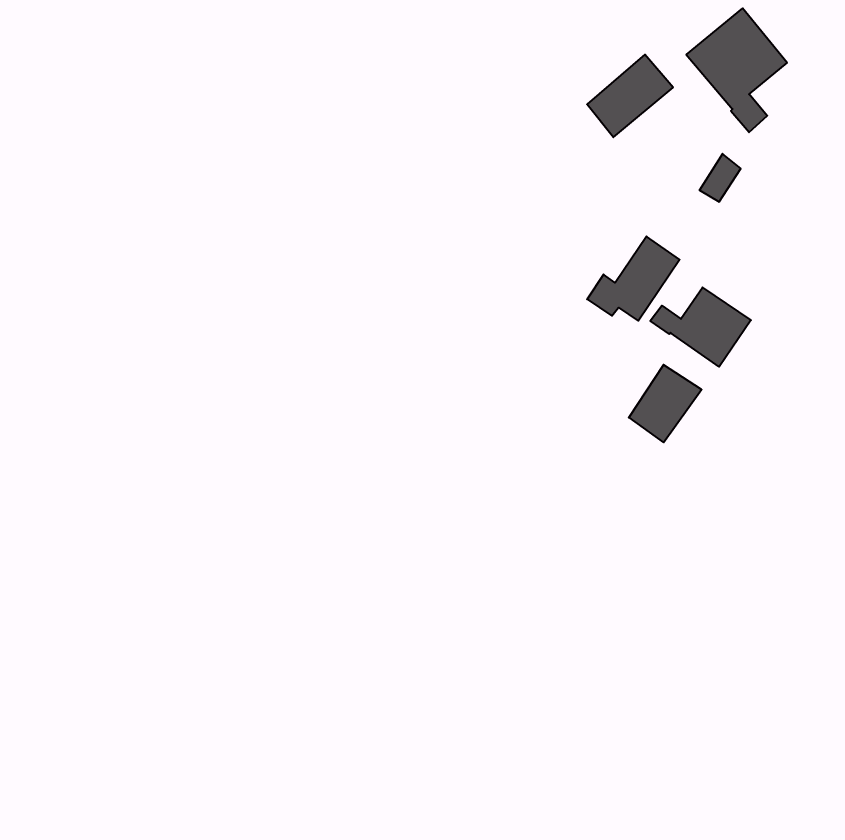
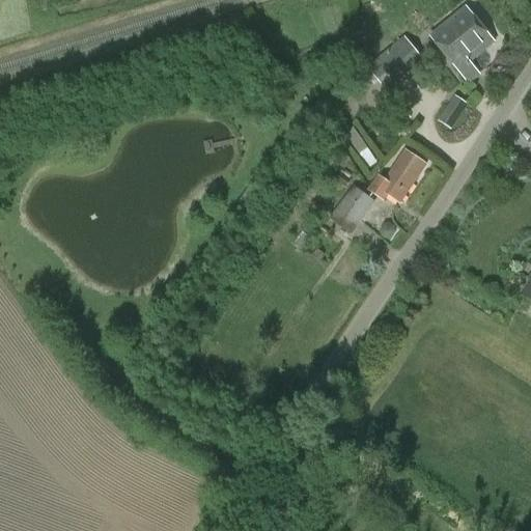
building: [650,287,751,367] -> none
building: [629,365,702,442] -> [330,184,375,232]

